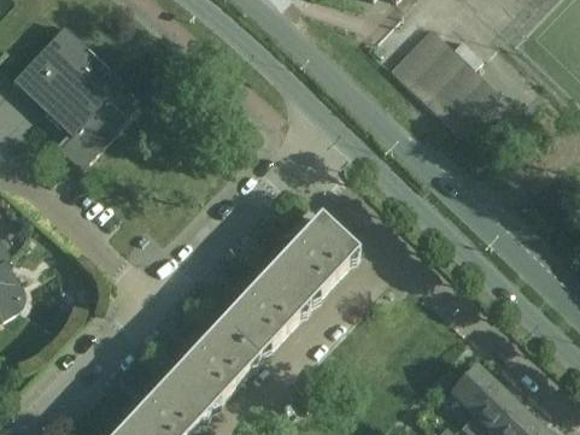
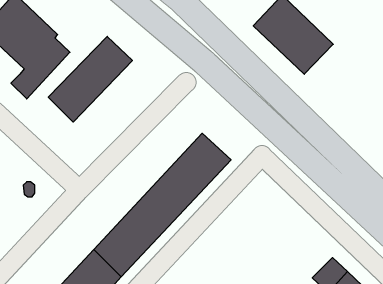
building: none -> [48,36,132,122]
building: [449,364,498,413] -> none

